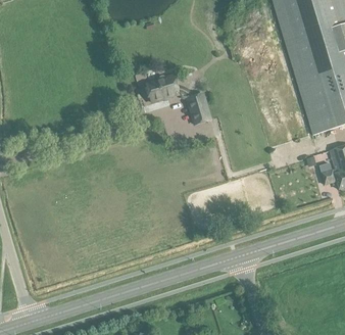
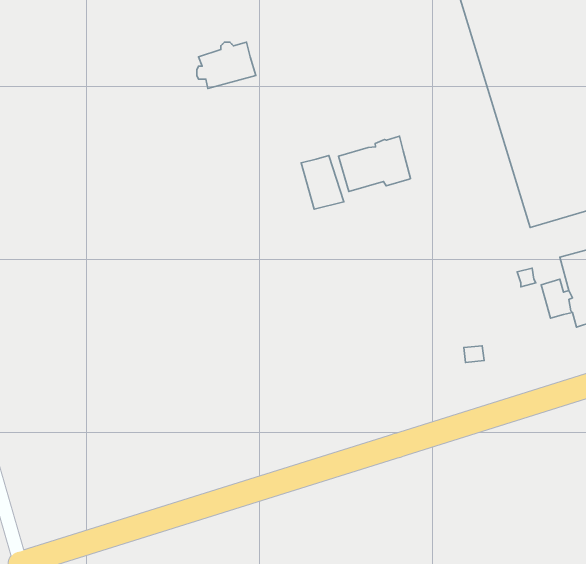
building: [145,75,178,100] -> [197,42,256,88]
building: none -> [338,136,411,191]

